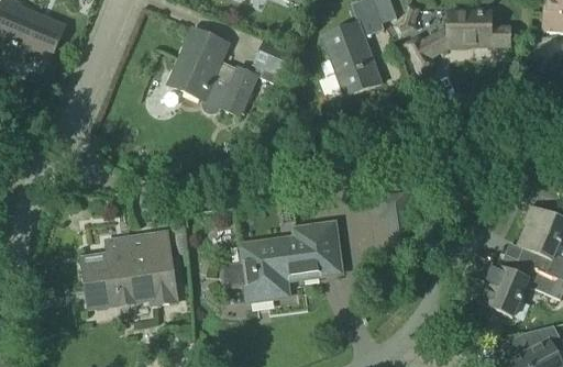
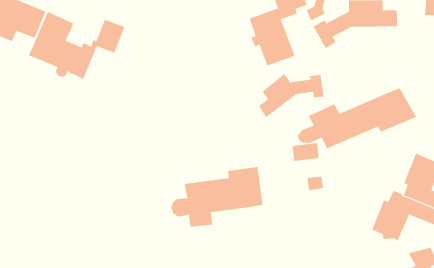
building: [169,26,292,113] -> [28,11,125,80]
building: none -> [258,73,324,118]
building: none -> [297,88,417,149]
building: [84,230,178,305] -> none

